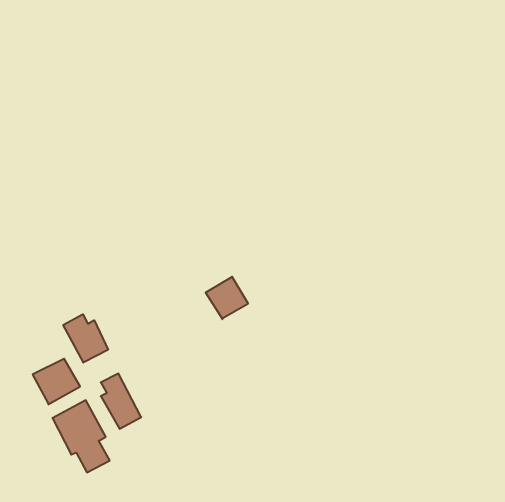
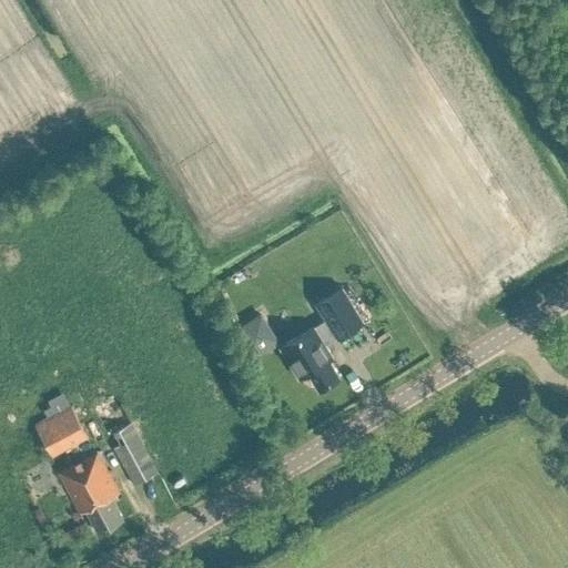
building: none -> [280,288,362,389]
building: [63,314,108,363] -> none

